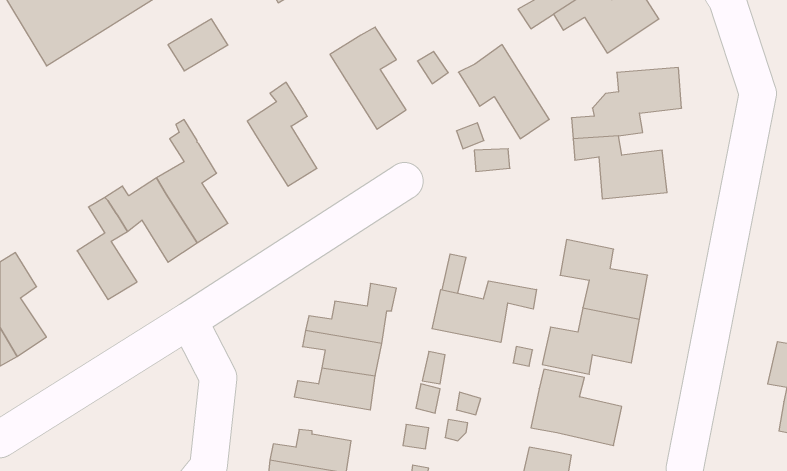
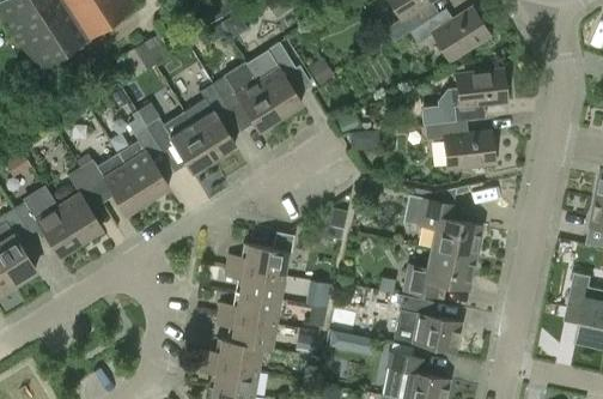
building: [458,45,549,139] -> [213,62,280,132]
building: none -> [147,111,214,174]
building: none -> [13,186,81,256]
building: [432,281,537,342] -> none
building: none -> [218,315,275,349]

